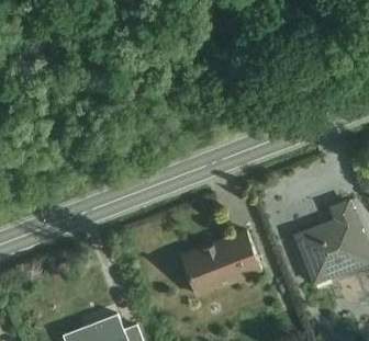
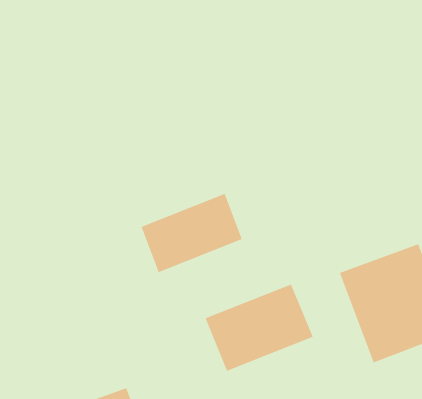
building: none -> [141,193,243,273]

